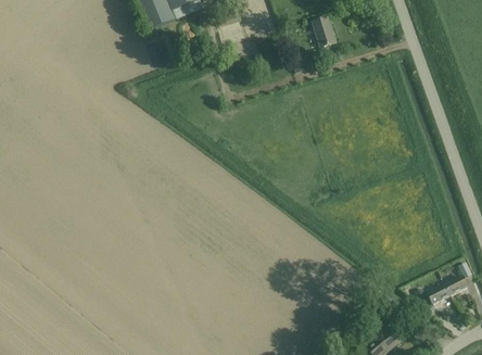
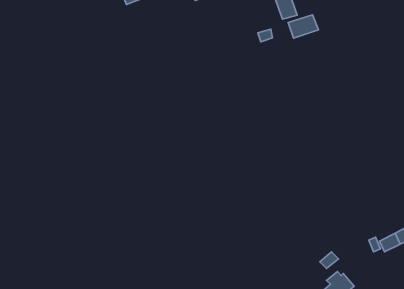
building: none -> [288,15,318,38]

